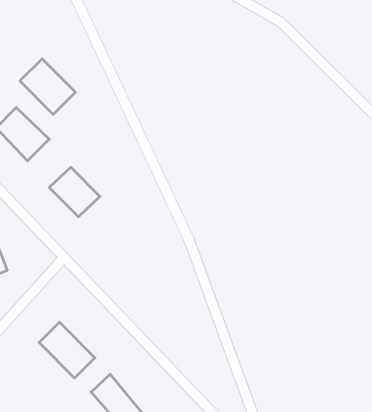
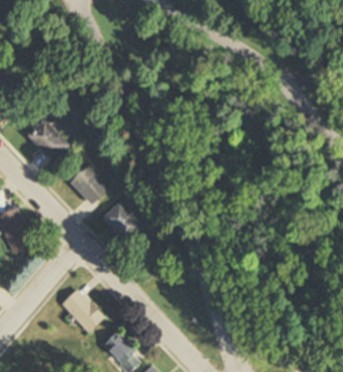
building: [20,59,75,114] -> none
building: none -> [101,202,141,243]

